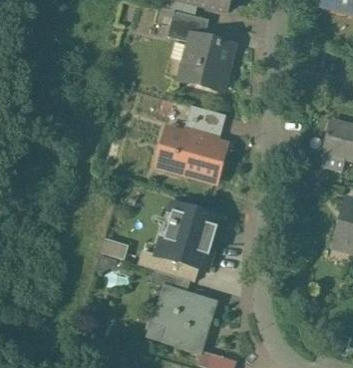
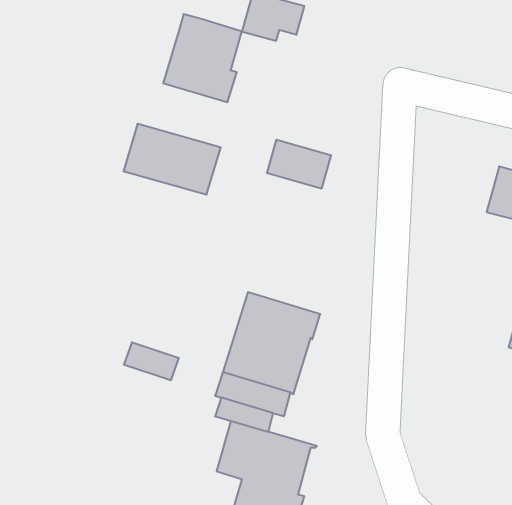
building: [179,35,229,91] -> [163,14,242,102]
building: [159,133,222,178] -> [123,124,221,195]

